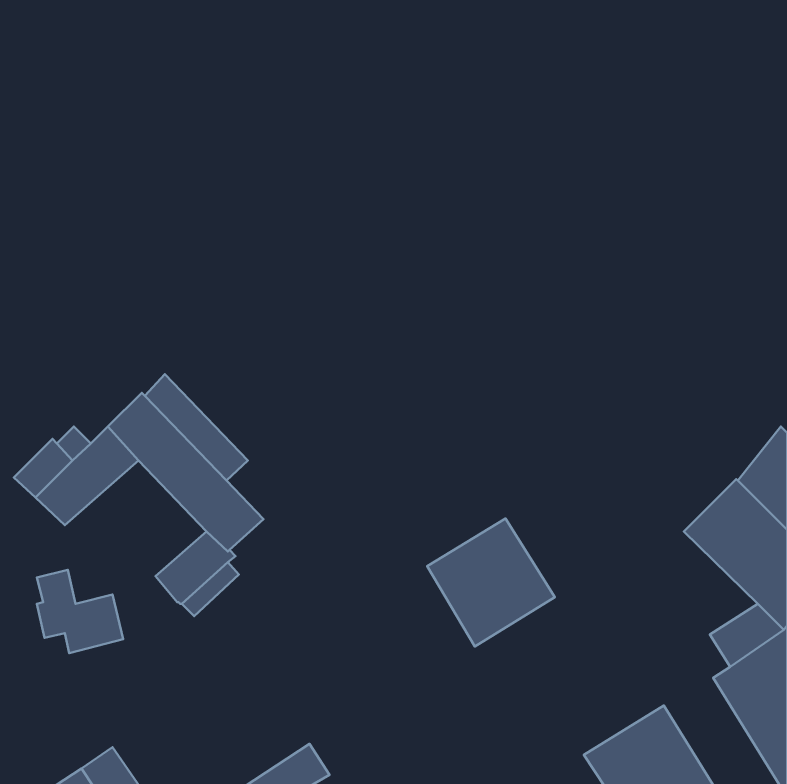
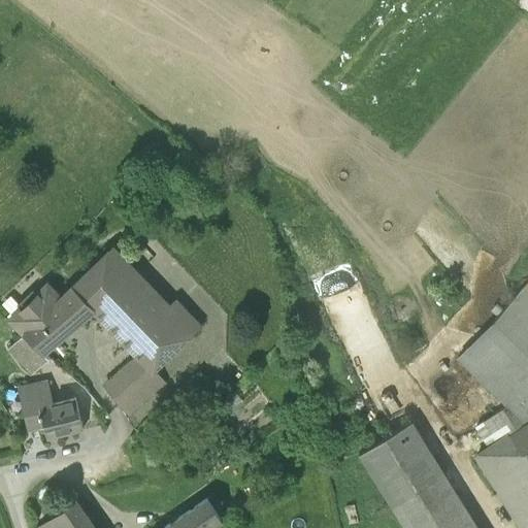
building: none -> [152,301,200,350]
building: none -> [9,335,50,374]
building: [427,519,555,646] -> [359,422,444,507]

